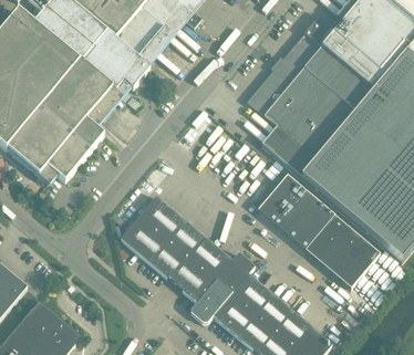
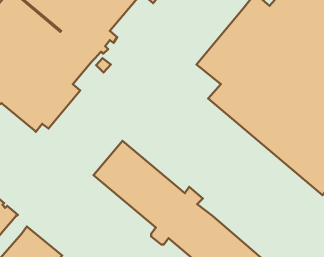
building: [258,173,380,286] -> none

